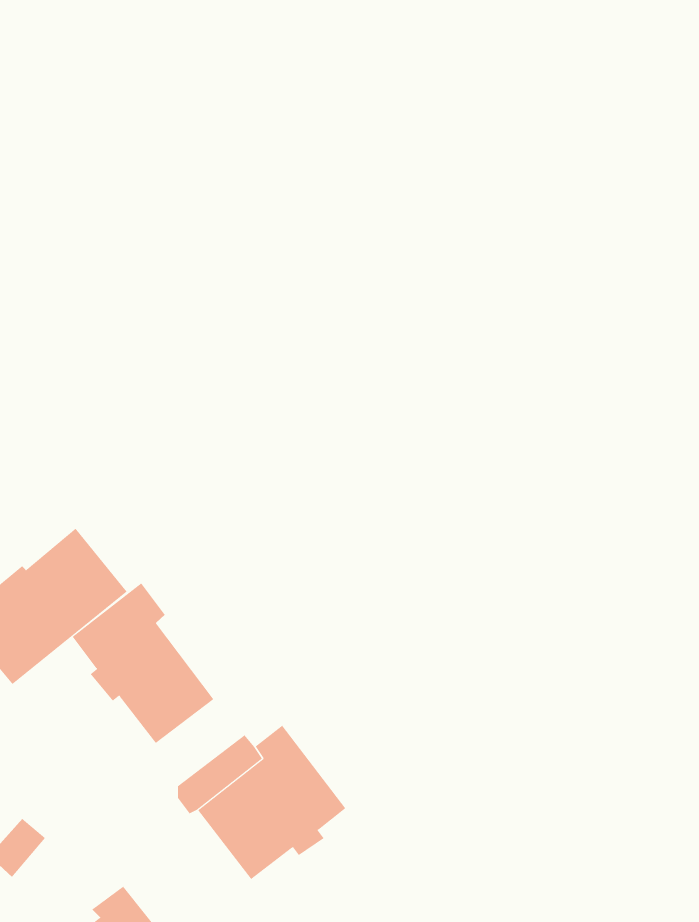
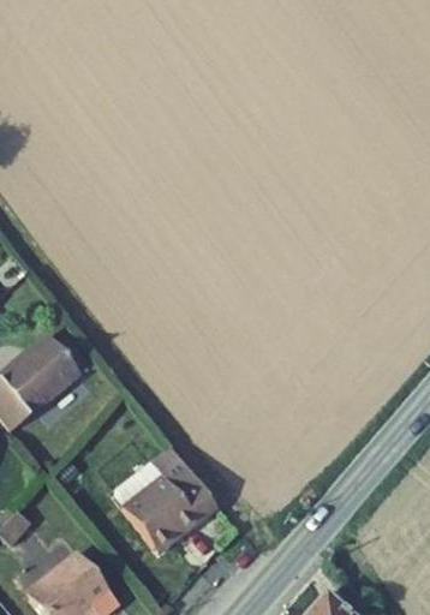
building: [72,583,214,744] -> none

